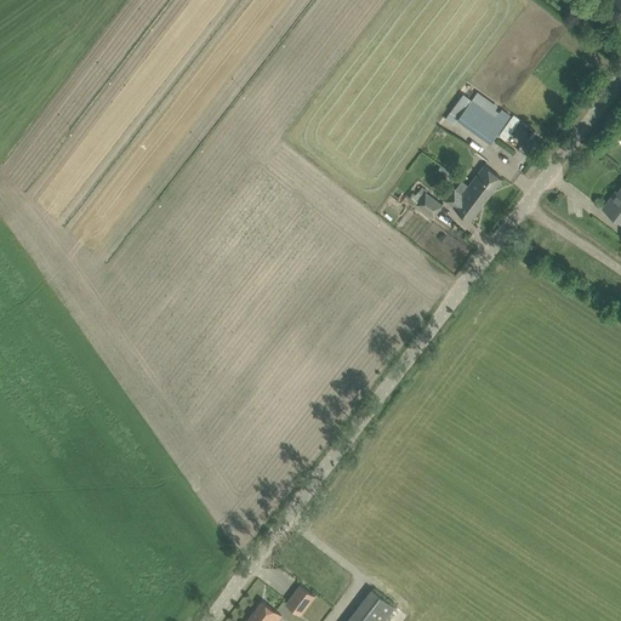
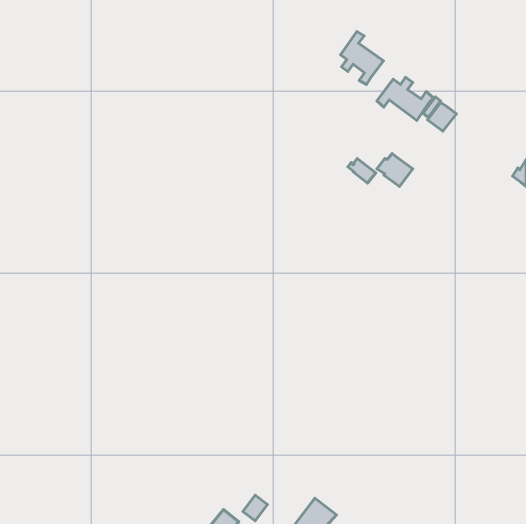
building: none -> [341,31,384,85]
building: [468,167,502,201] -> [428,102,456,131]

